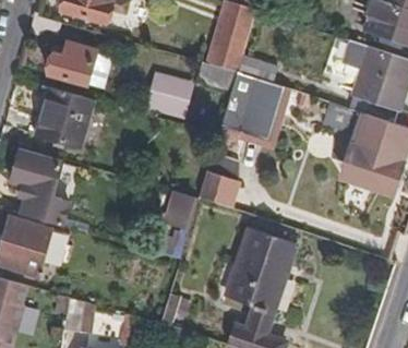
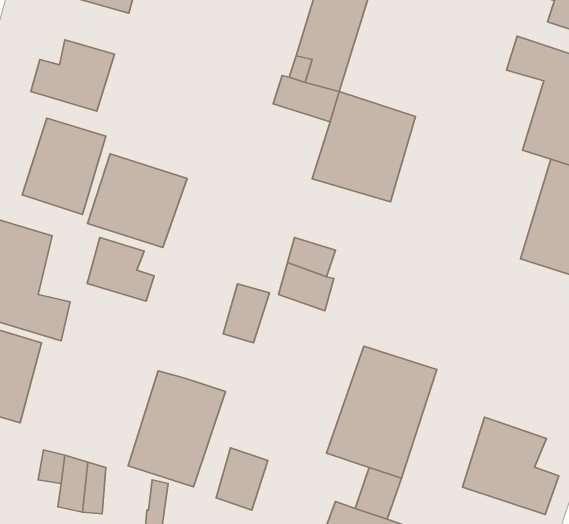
building: [148,79,190,117] -> none
building: none -> [88,154,187,247]
building: none -> [87,238,154,301]
building: none -> [128,371,226,487]
building: none -> [463,417,559,514]

